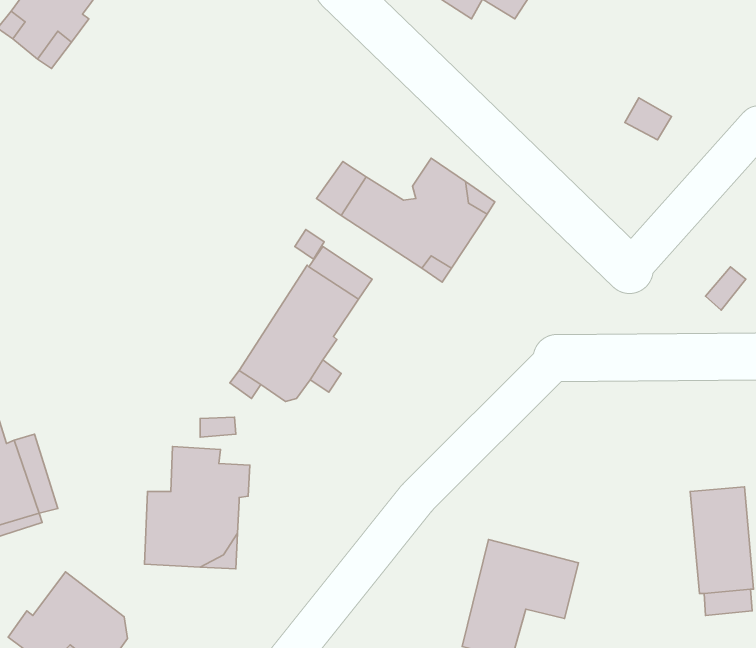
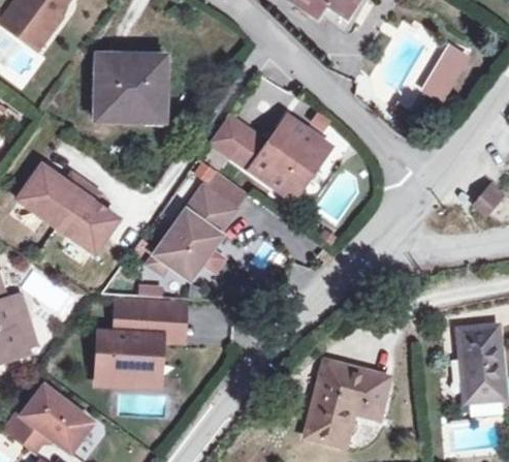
building: none -> [426,40,467,83]
building: none -> [94,56,167,125]
building: none -> [23,167,123,253]
building: none -> [147,306,186,341]

